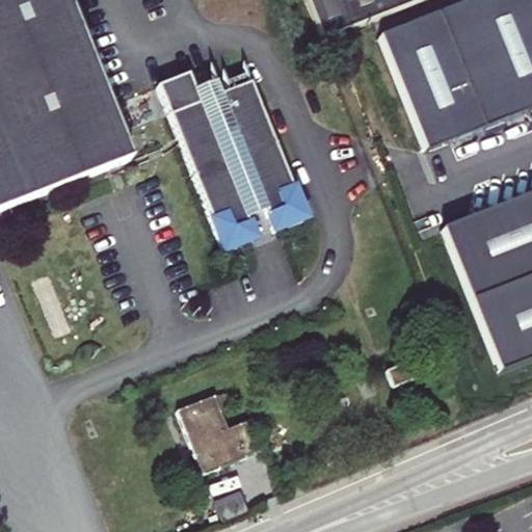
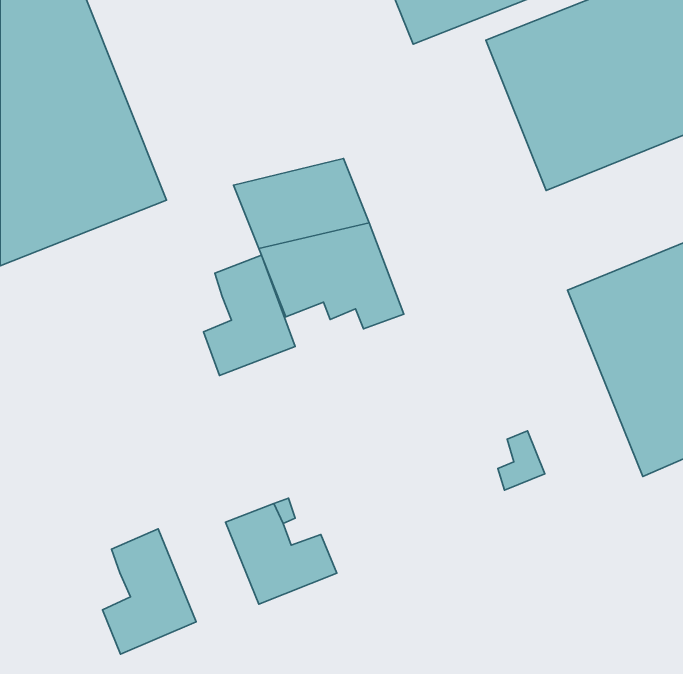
building: [153,57,268,143] -> none
building: none -> [204,255,295,375]
building: none -> [102,529,196,654]

